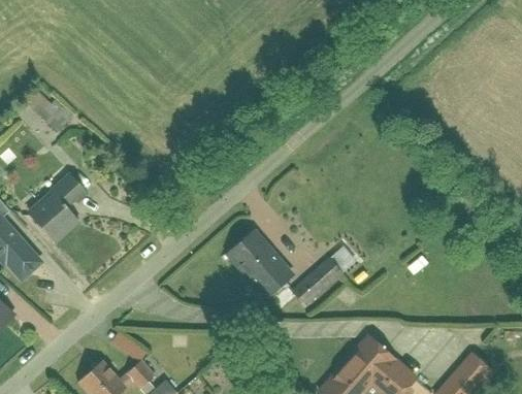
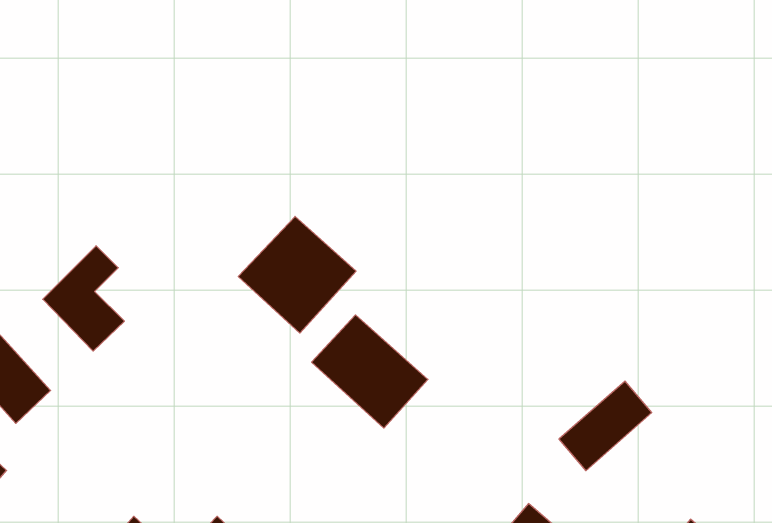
building: none -> [238,216,356,333]
building: [295,251,356,309] -> [559,381,652,471]

